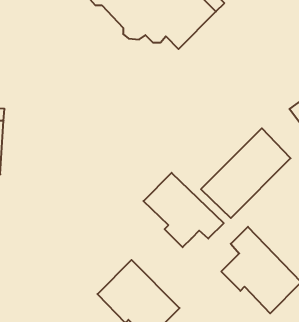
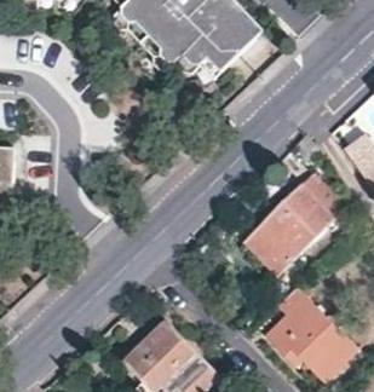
building: [143,173,224,247] -> none

